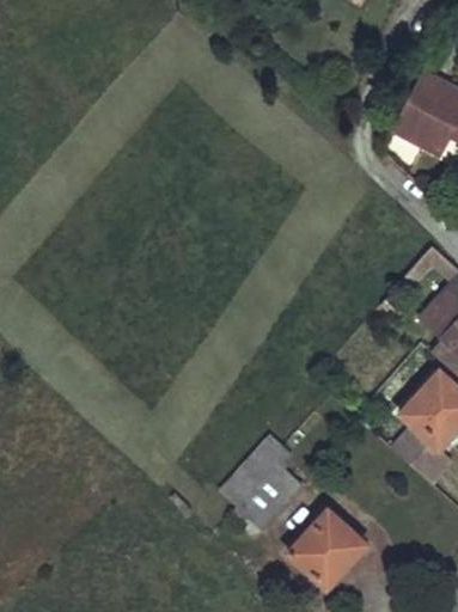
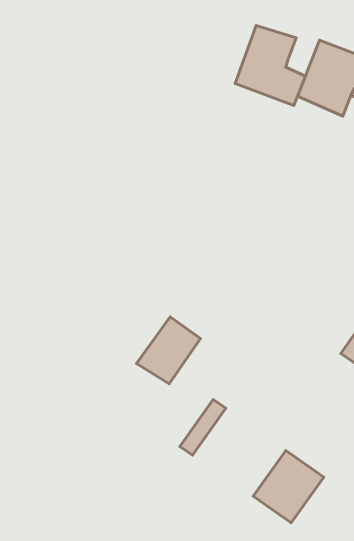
building: none -> [235,26,305,106]
building: [232,454,301,524] -> [137,317,201,384]

